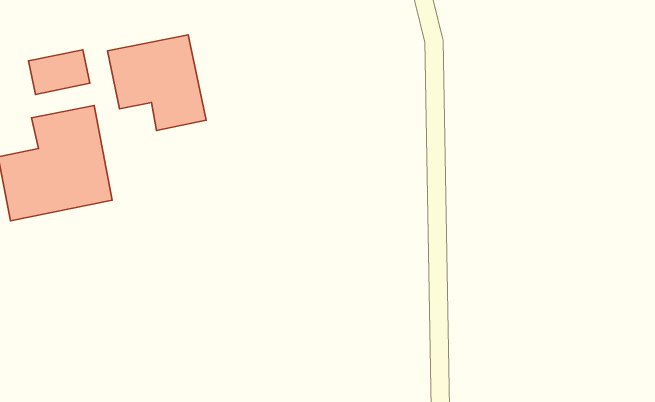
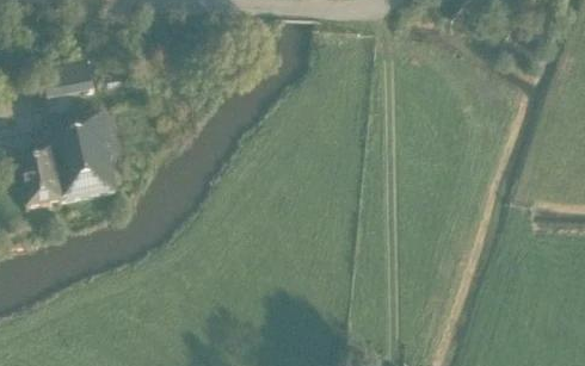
building: [107,35,206,130] -> none

